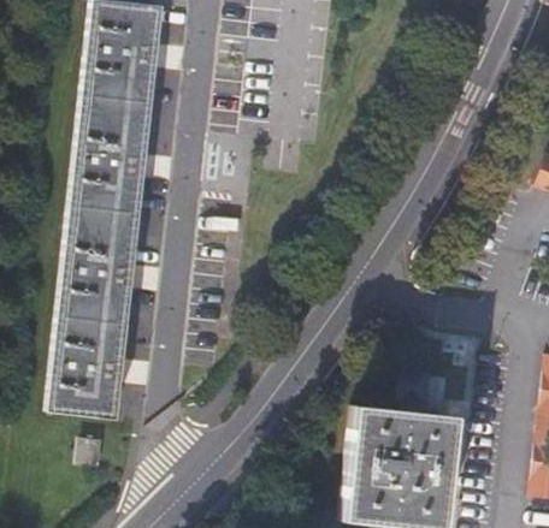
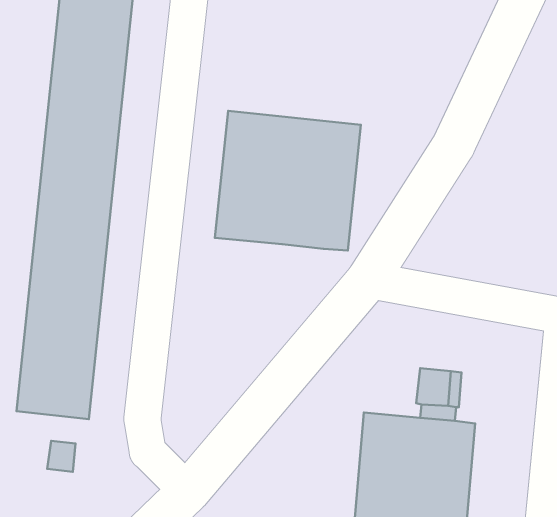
building: none -> [215,111,361,250]

